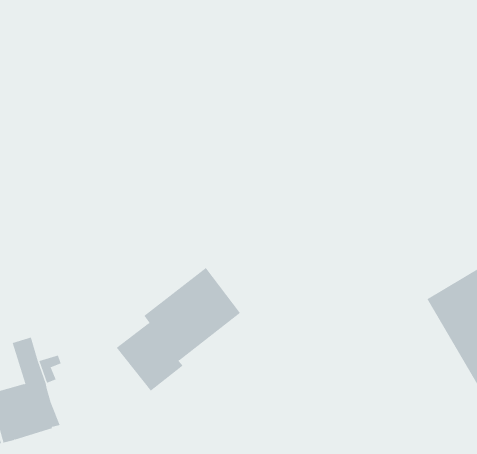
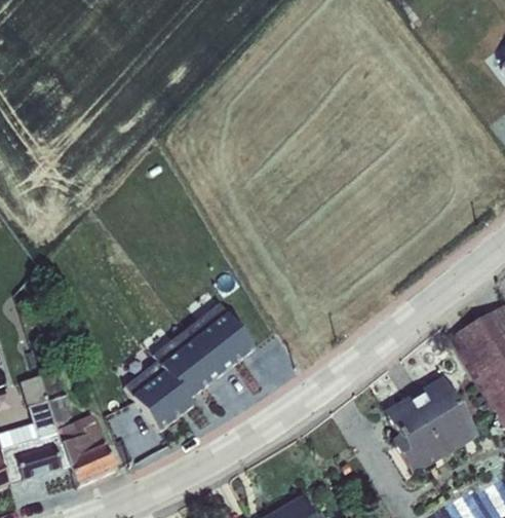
building: none -> [385,374,479,474]
building: none -> [57,410,117,484]

